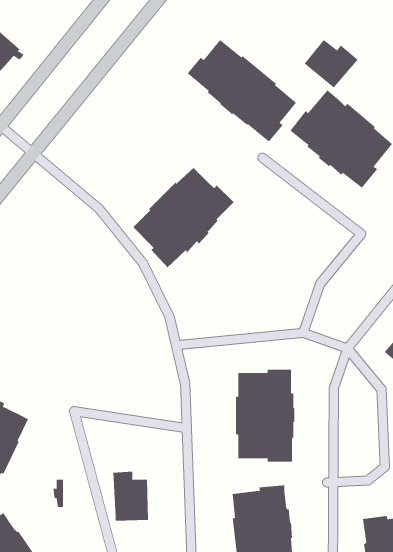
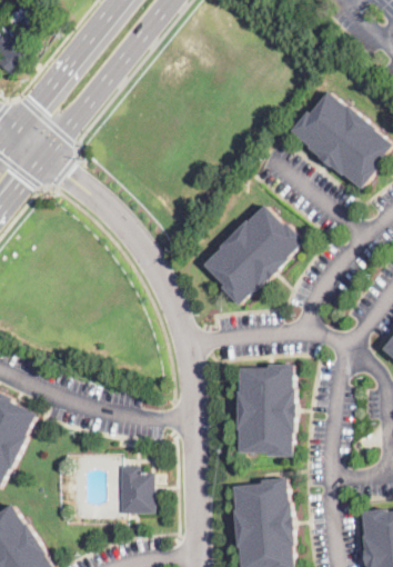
building: [187,39,297,143] -> none
building: [304,39,359,89] -> none
building: [132,167,234,268] -> [203,206,303,305]

